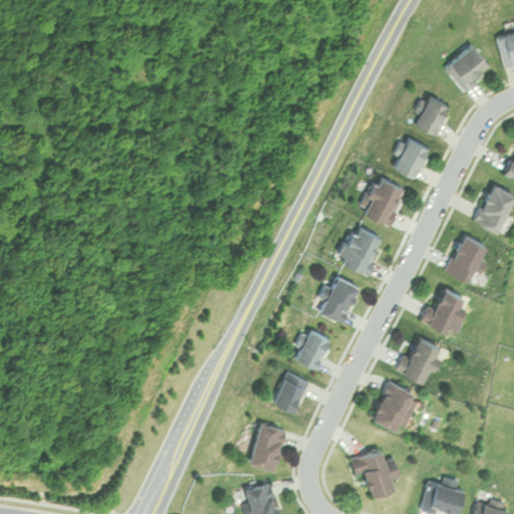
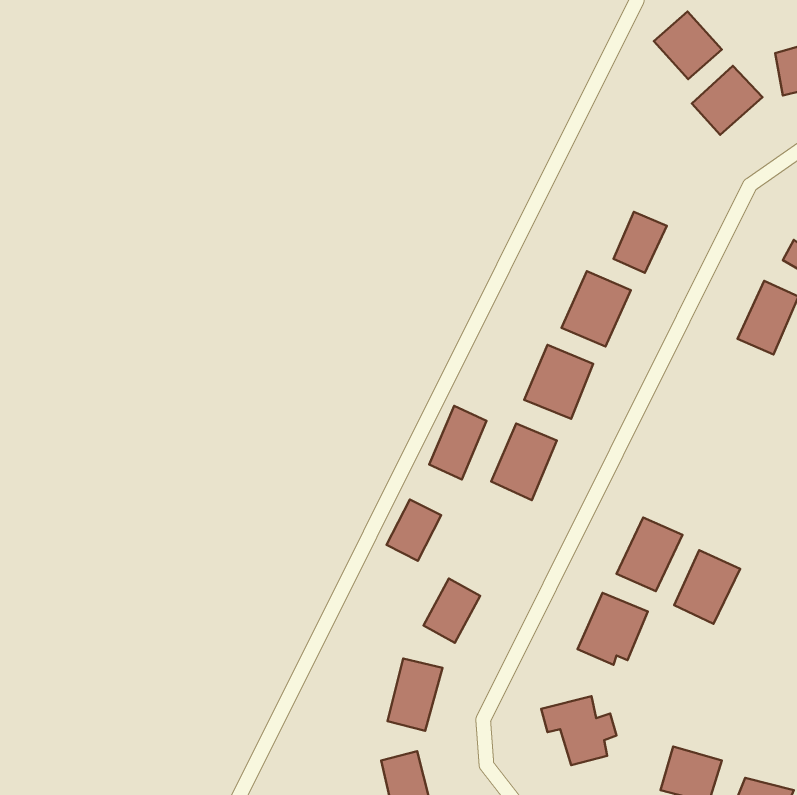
building: none -> [654,11,722,79]
building: [416,97,450,136] -> none
building: [447,235,486,282] -> none
building: none -> [429,406,487,479]
building: [426,286,468,333] -> [674,550,740,624]
building: [296,332,331,371] -> [386,500,441,561]

